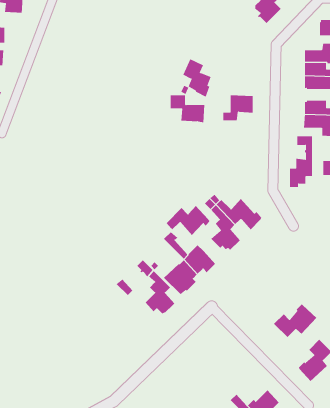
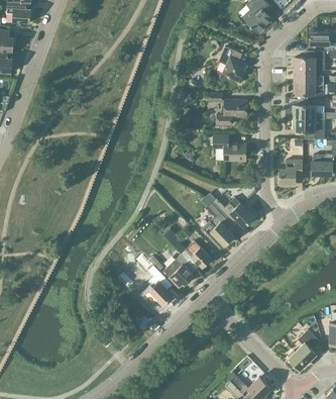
building: [182,59,211,97] -> [217,46,244,83]
building: [170,95,205,123] -> [212,135,245,162]
building: [166,205,210,236] -> none
building: [273,304,317,338] -> none

